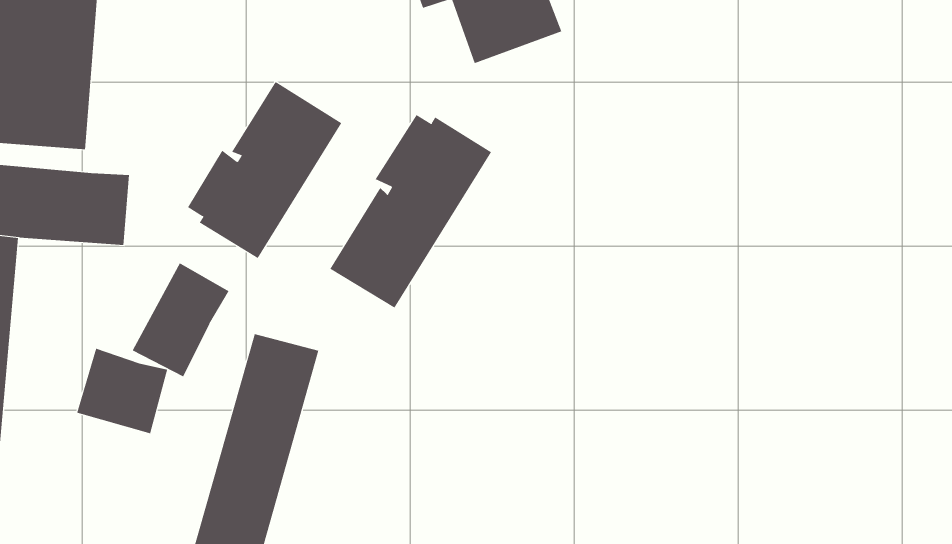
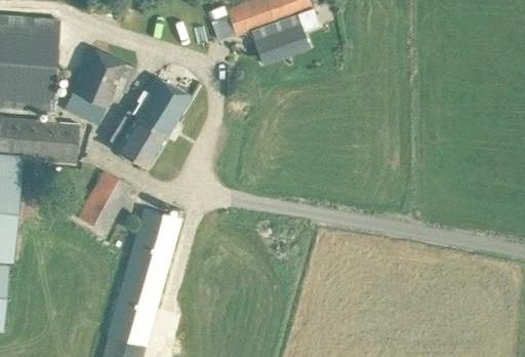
building: none -> [67,47,137,124]
building: [330,114,492,309] -> none
building: [76,348,168,434] -> none

